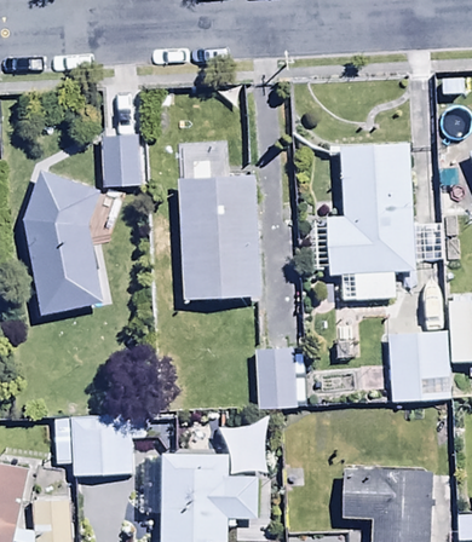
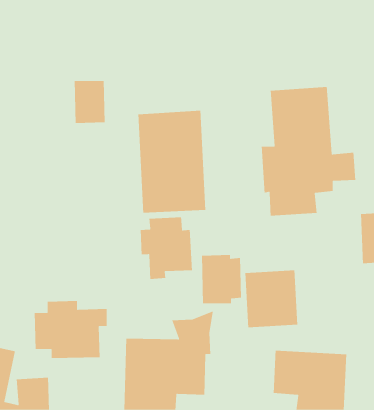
building: [22,172,104,317] -> none
building: none -> [140,217,193,280]
building: [385,333,450,404] -> [244,270,298,328]

